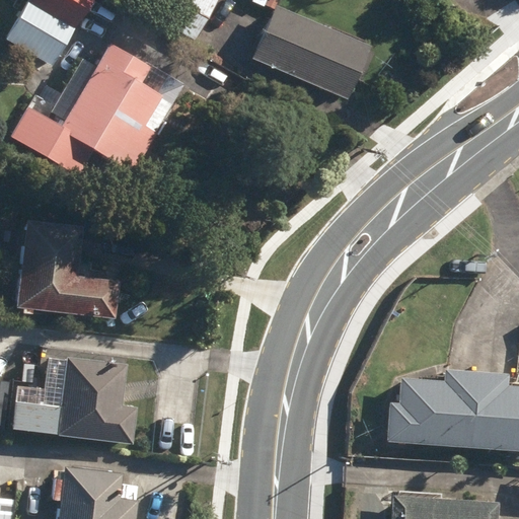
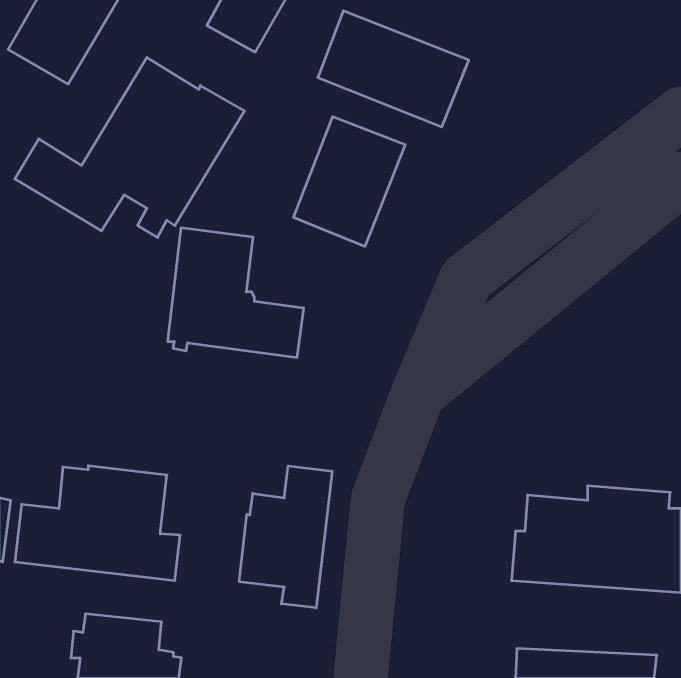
building: none -> [294,117,405,246]
building: [18,221,122,319] -> [168,228,304,357]
building: none -> [239,466,332,608]

